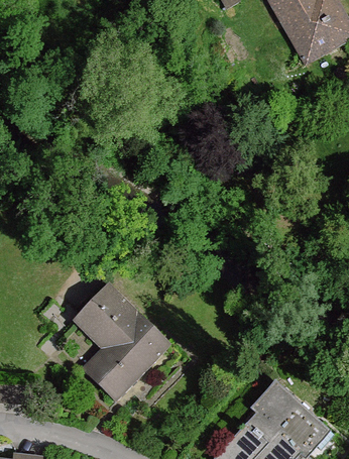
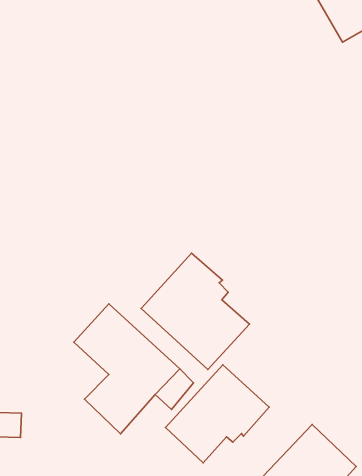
building: none -> [141,253,249,369]
building: none -> [165,365,269,463]

